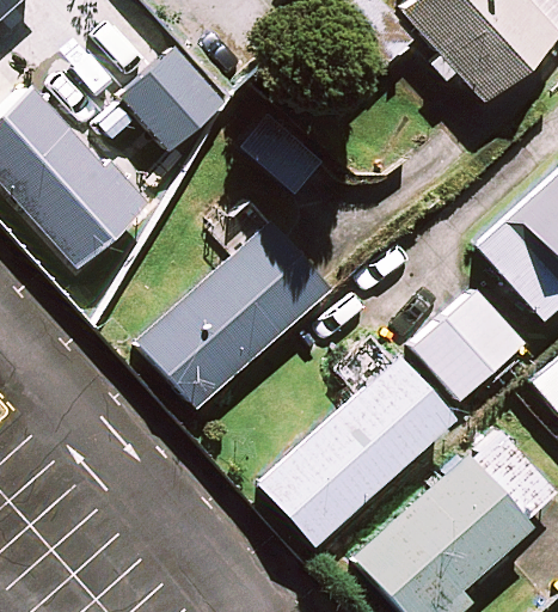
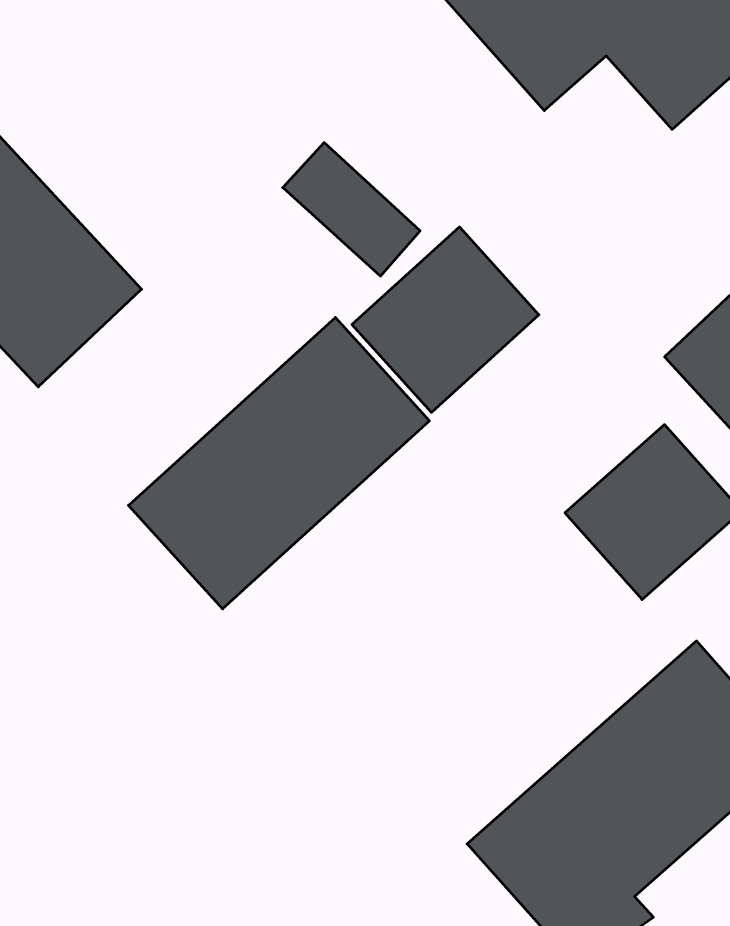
building: [123,48,226,151] -> none
building: none -> [352,227,539,412]
building: [258,339,450,545] -> none

